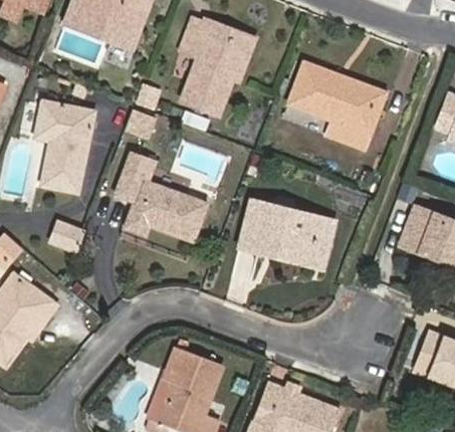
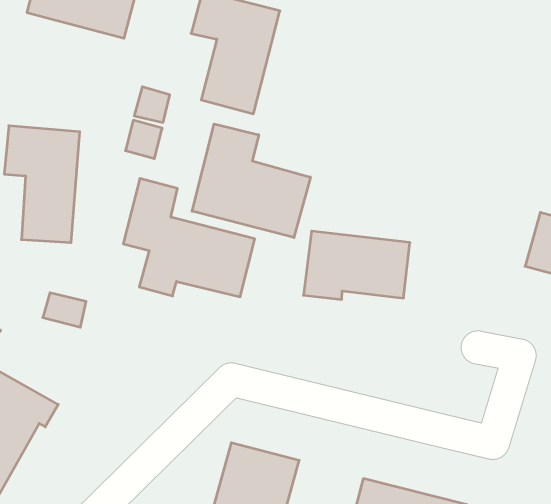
building: [290,64,377,148] -> none
building: none -> [192,124,310,238]

